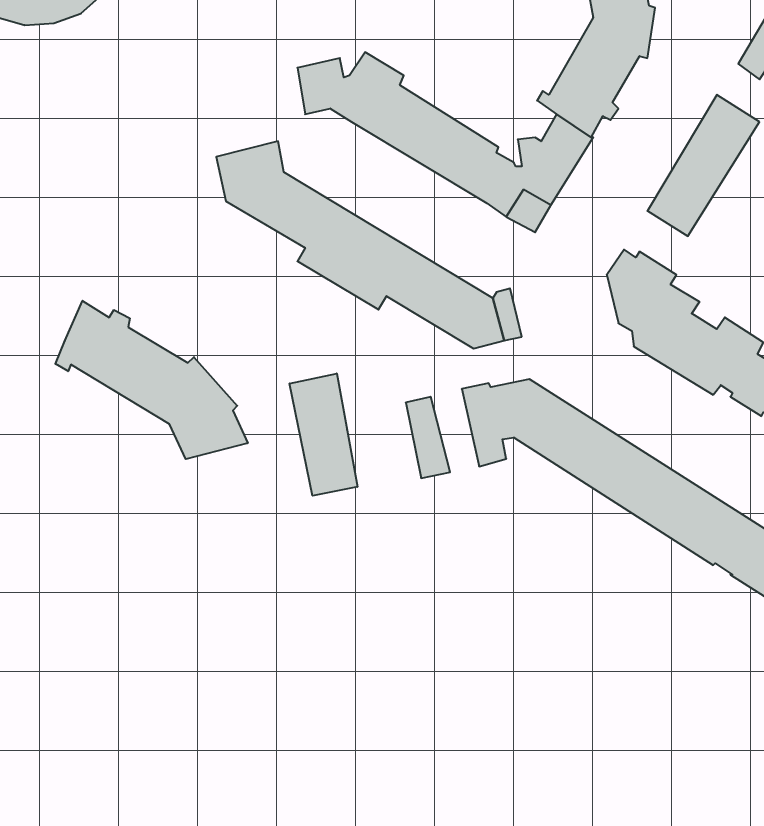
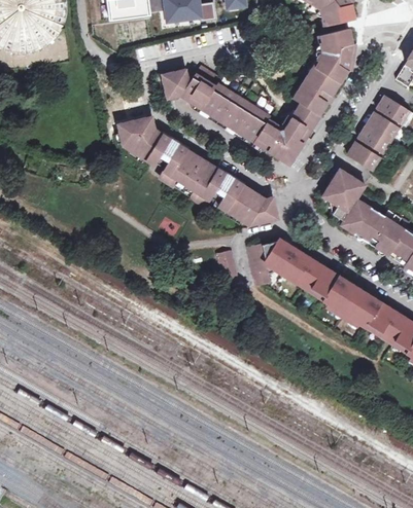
building: [55,301,248,459] -> none
building: [290,373,357,496] -> none

